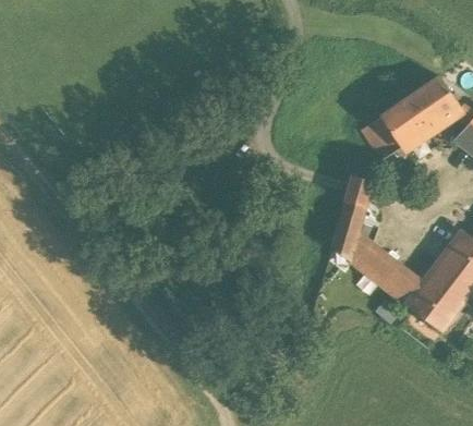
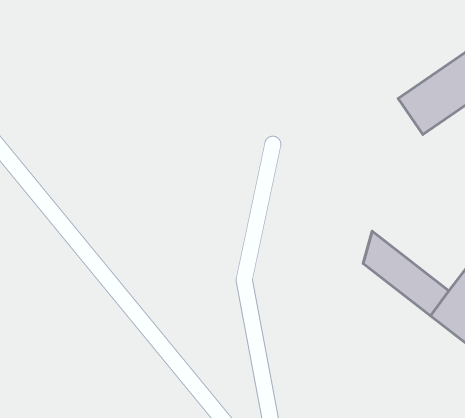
building: [363,115,403,159] -> none
building: [333,175,373,260] -> none

